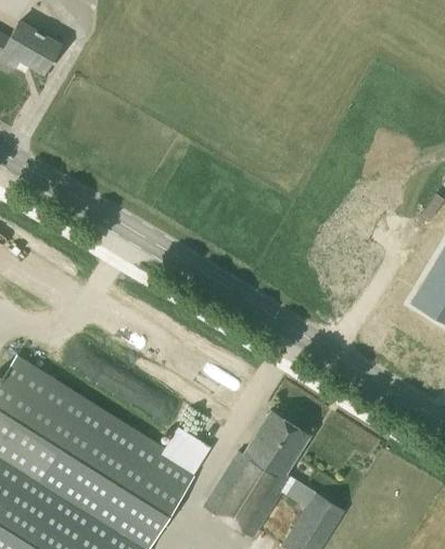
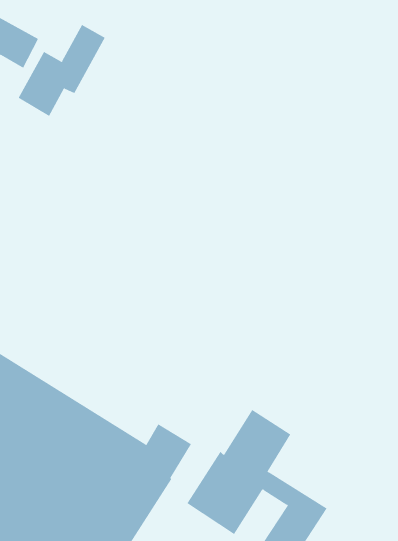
building: none -> [18,24,106,117]

